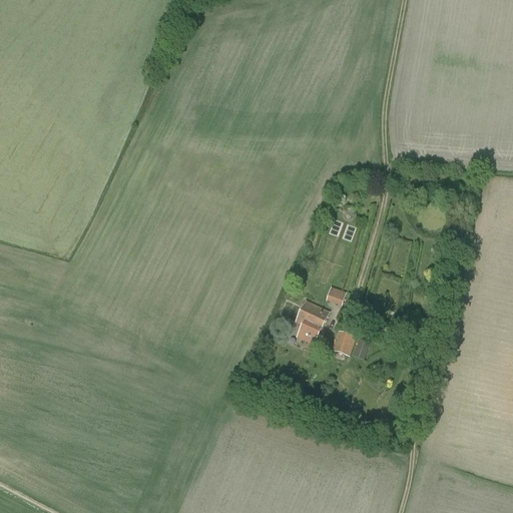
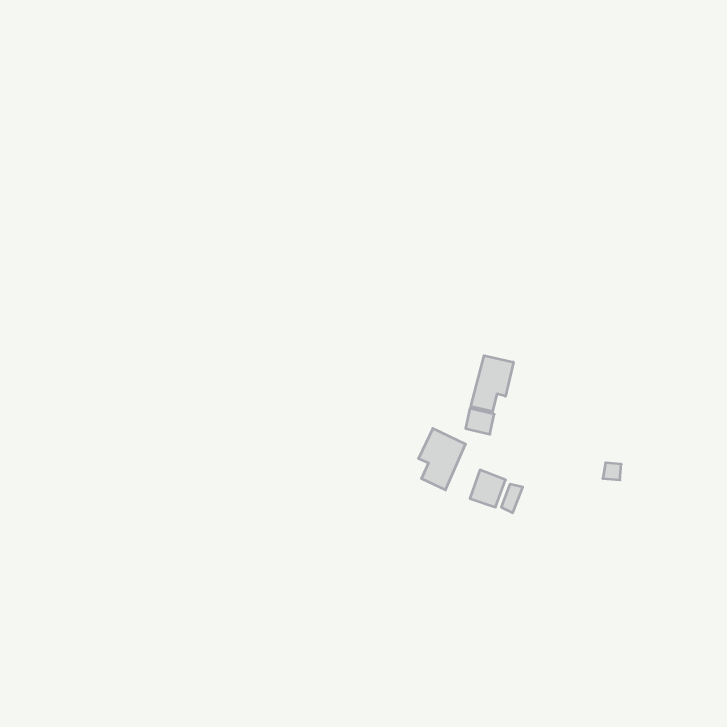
building: none -> [471,356,513,412]

